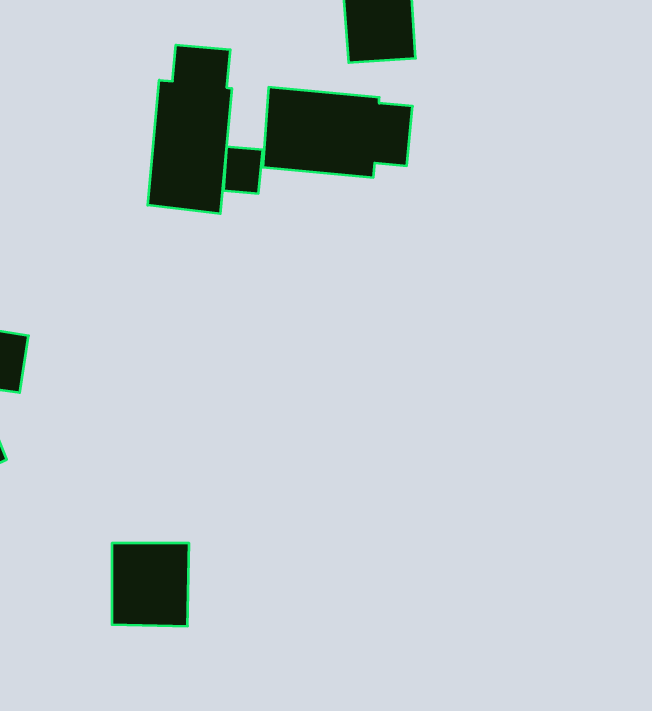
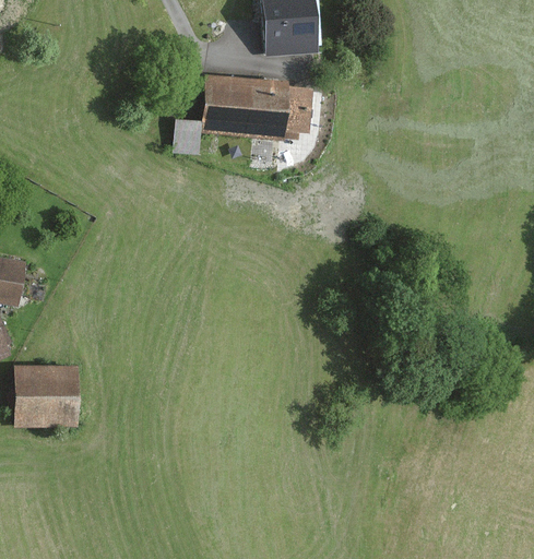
building: [148,45,232,214] -> none
building: [112,543,189,626] -> [10,366,68,428]

